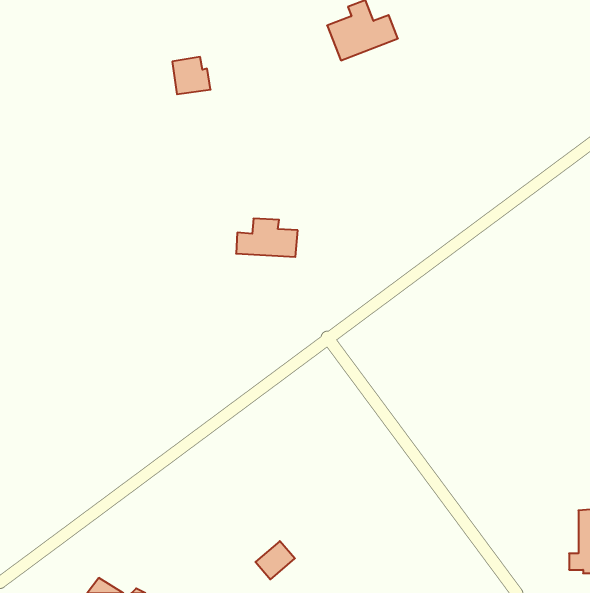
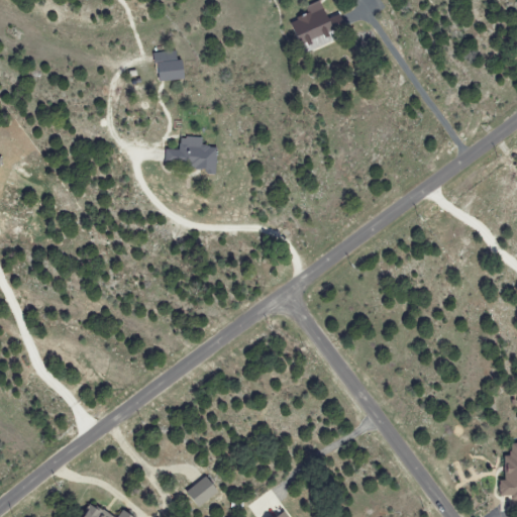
building: [236,219,298,257] -> [166,136,219,170]
building: [255,541,295,579] -> [184,476,218,509]

